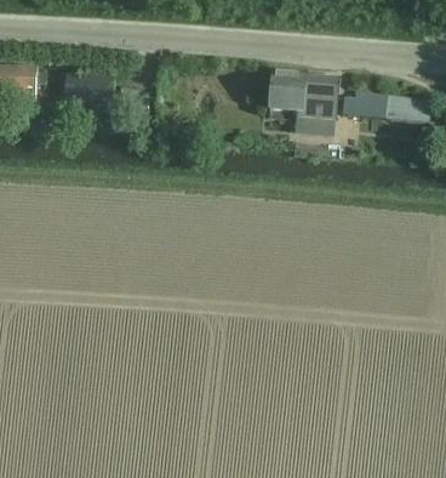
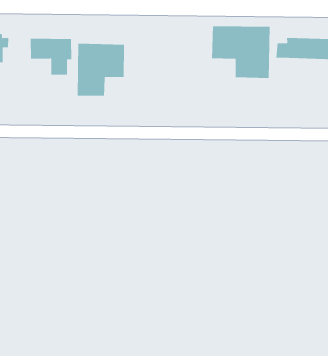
building: none -> [77,43,125,96]

